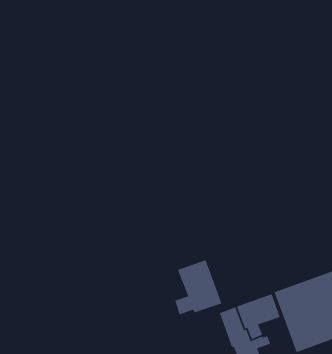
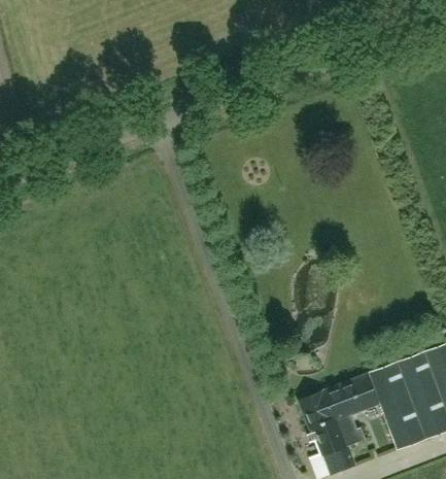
building: [174,259,222,316] -> none

